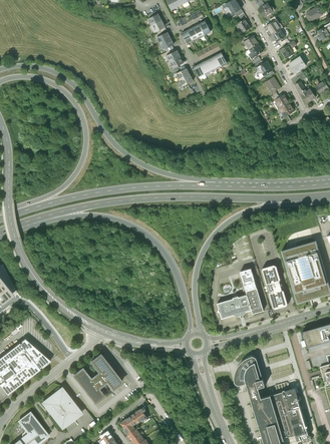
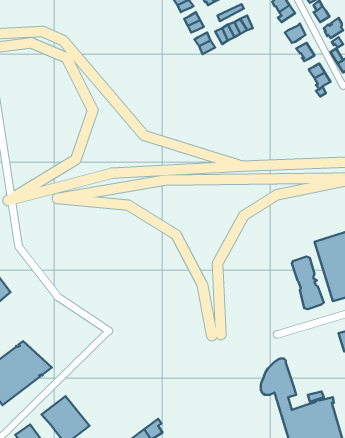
building: [217,269,264,319] -> none
building: [74,356,120,403] -> none

